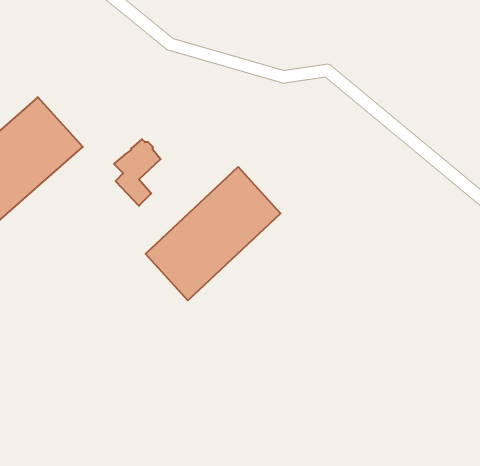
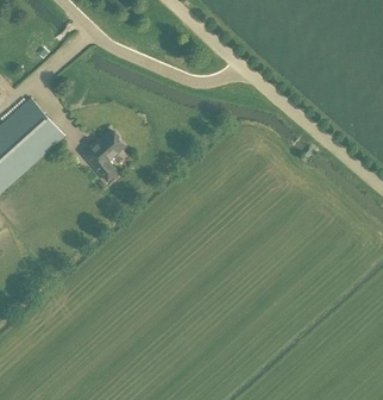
building: [146,167,281,300] -> none

